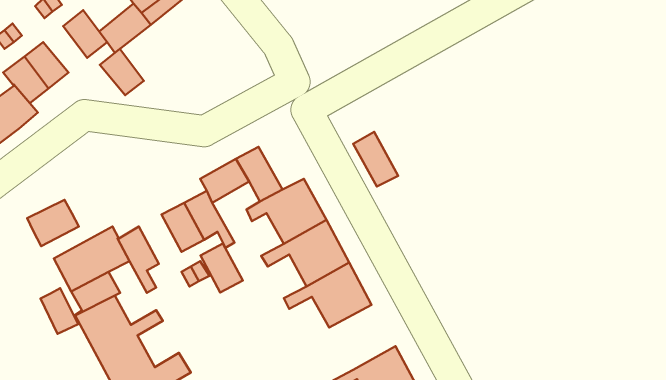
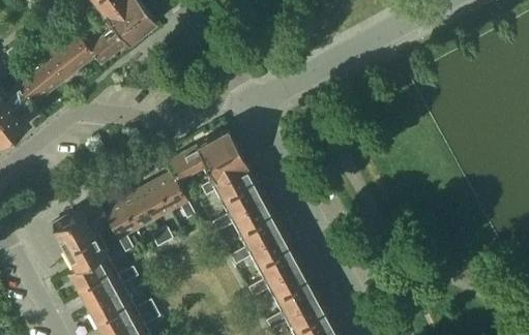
building: [100,49,144,95] -> [42,45,77,82]
building: [353,132,398,186] -> [210,130,245,173]
building: [27,200,79,246] -> none
building: [200,243,243,293] -> [117,192,150,231]
building: [41,288,78,334] -> none
building: none -> [248,263,317,313]

